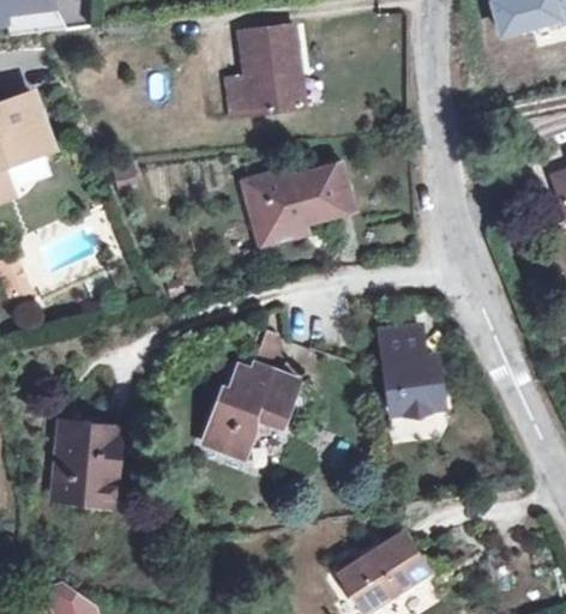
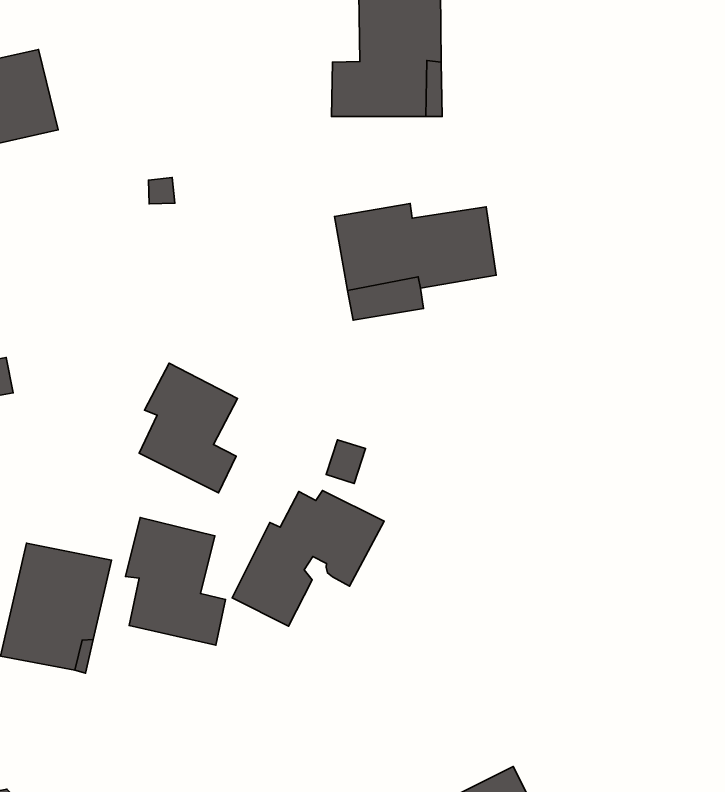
building: none -> [139,363,238,493]
building: [378,325,442,413] -> none
building: none -> [126,517,225,645]

